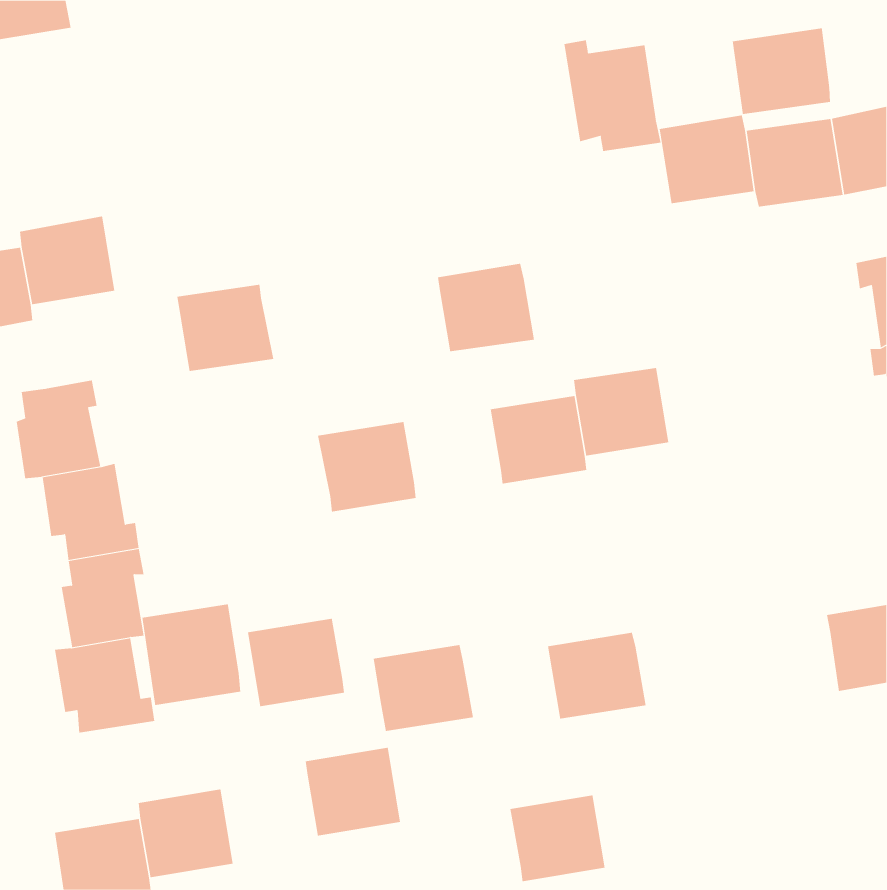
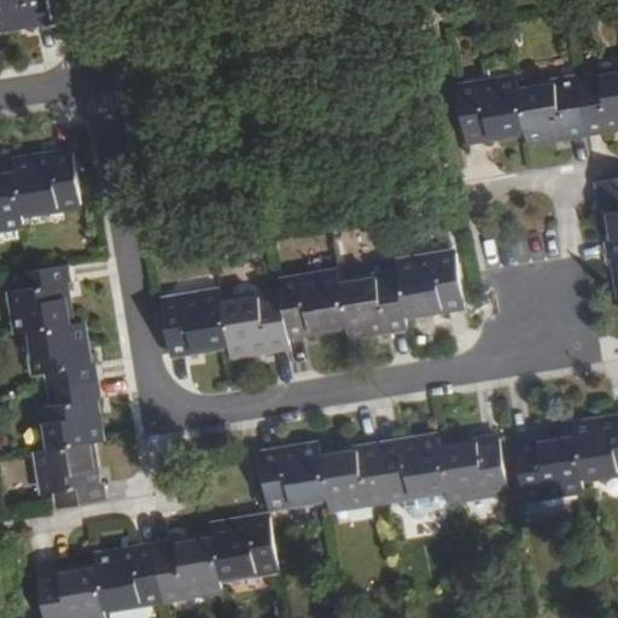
building: [732,28,831,115] -> none
building: [564,39,661,152] -> none
building: [437,263,535,352] -> [279,273,346,334]
building: [176,284,274,371] -> [161,292,228,352]
building: [142,604,241,706] -> none
building: [247,618,345,707] -> [153,537,221,599]
building: none -> [441,438,507,501]
building: none -> [517,438,583,499]
building: [510,795,605,882] -> [321,448,387,508]

